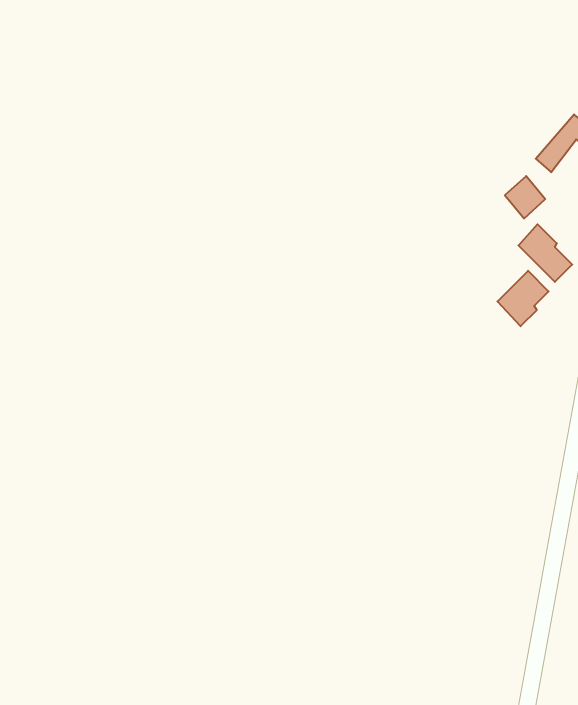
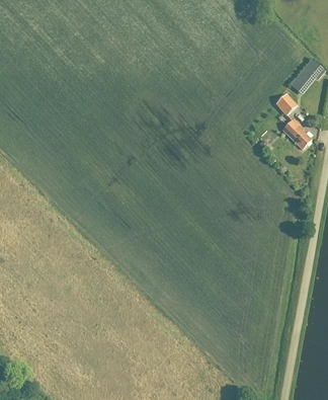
building: [497,271,549,326] -> none

